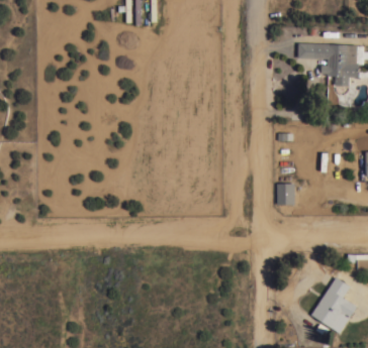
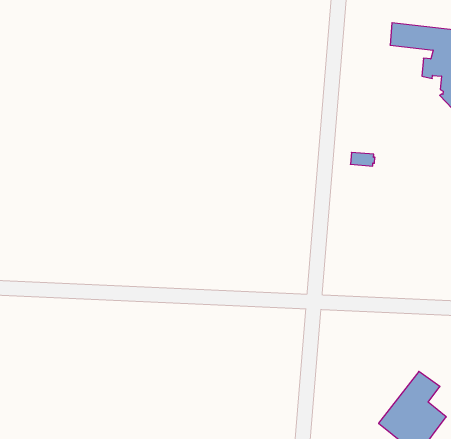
building: [276,184,294,206] -> none

